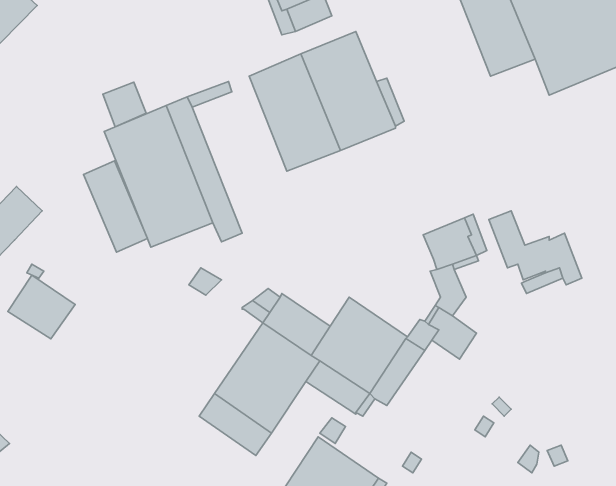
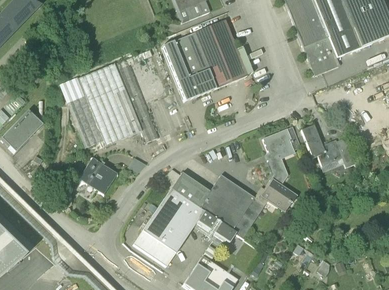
building: none -> [303,35,340,74]
building: [103,82,146,127] -> [60,76,85,102]
building: [8,275,75,339] -> [79,156,118,193]

